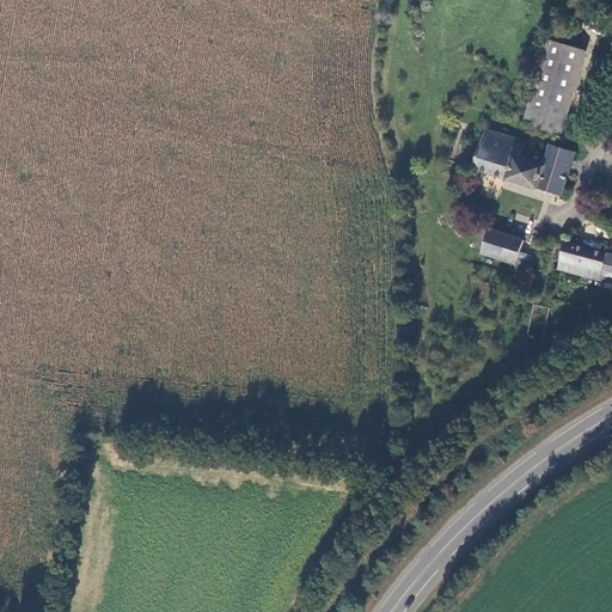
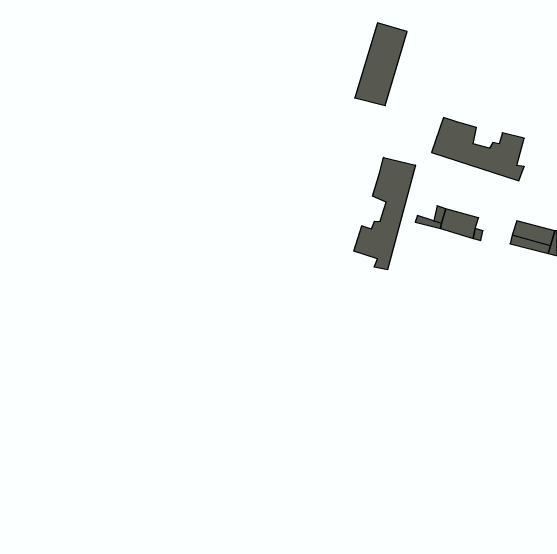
building: [526,41,583,131] -> [355,23,407,106]
building: none -> [354,157,415,270]

